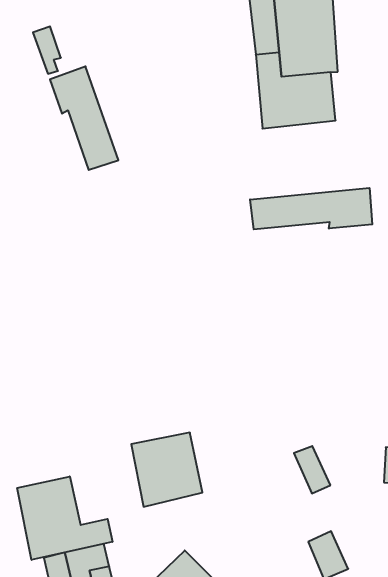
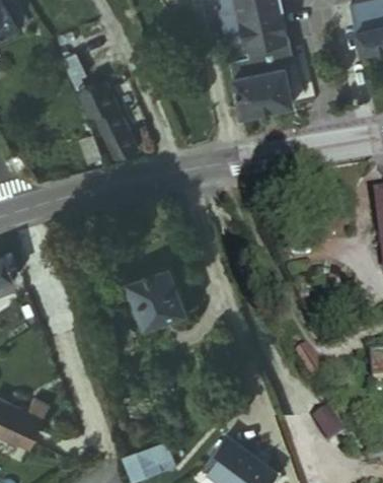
building: [250,188,372,229] -> none
building: [131,433,202,507] -> [128,271,185,331]
building: [17,476,112,560] -> none

